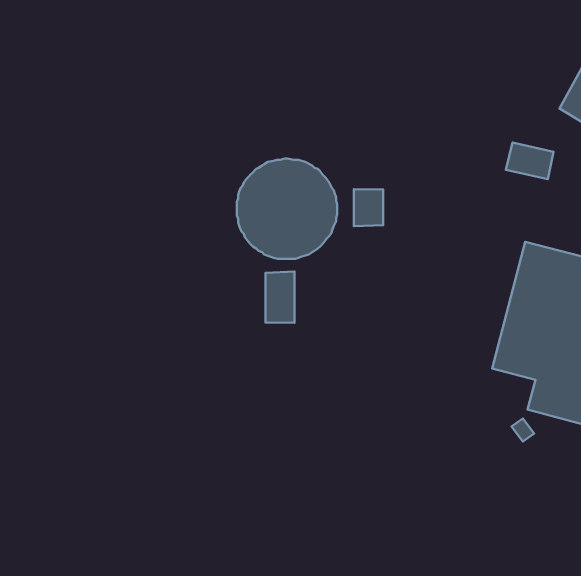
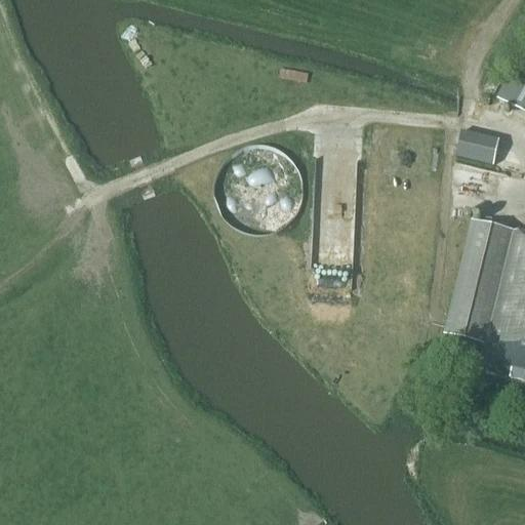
building: [354,189,383,226] -> none
building: [265,272,295,323] -> none

